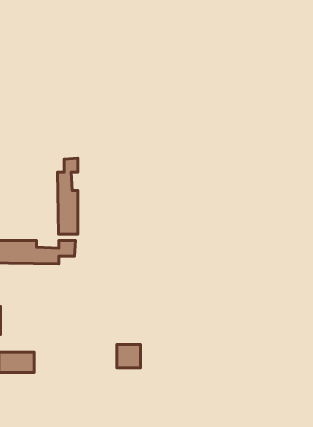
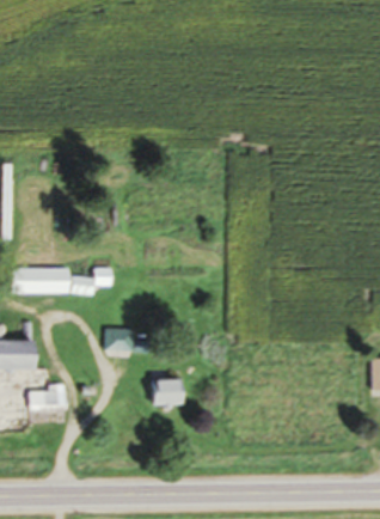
building: [58,158,78,234] -> none
building: none -> [104,329,151,353]

